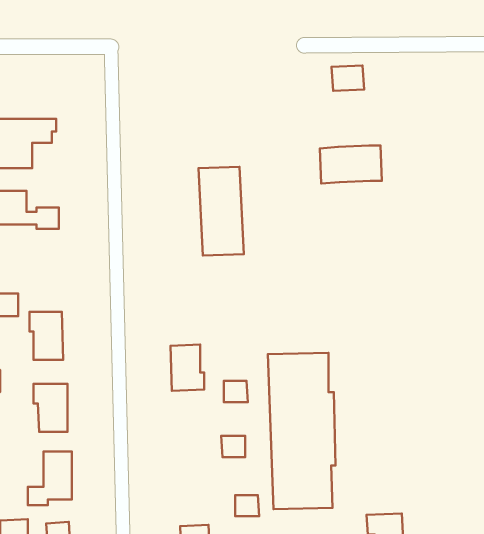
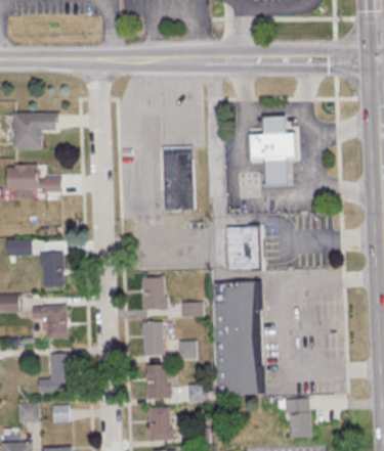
building: [332,66,364,91] -> [262,115,286,133]
building: none -> [264,157,288,186]
building: none -> [226,227,261,270]
building: none -> [142,322,163,356]
building: none -> [145,365,170,399]

